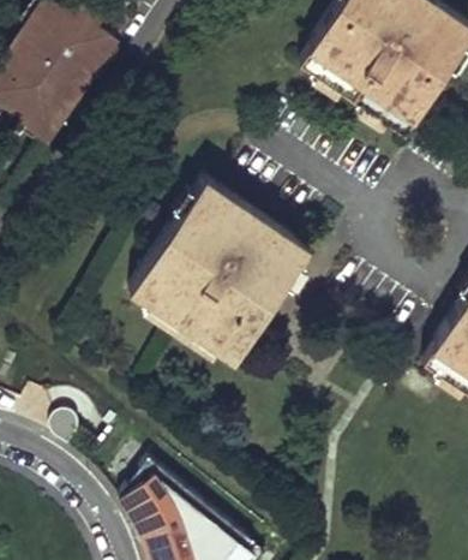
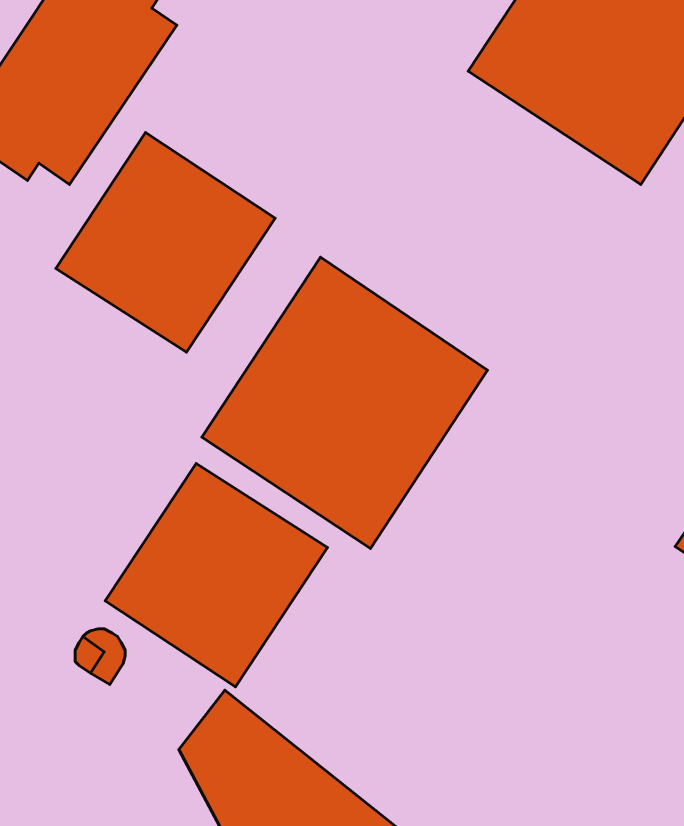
building: none -> [56,133,275,352]
building: none -> [105,463,327,687]

